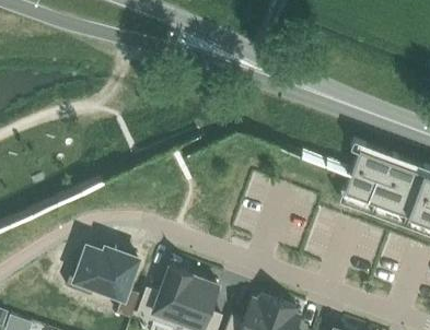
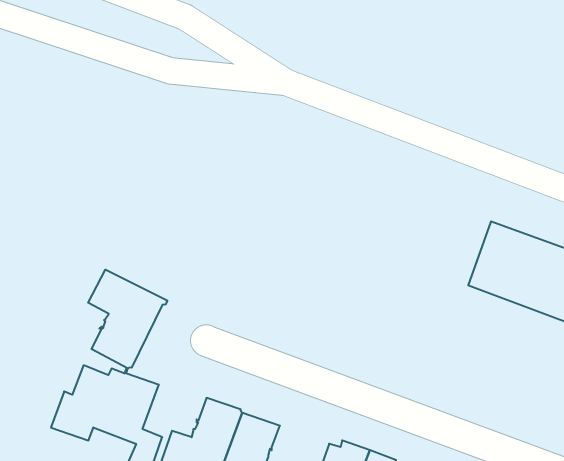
building: none -> [88,270,167,369]

